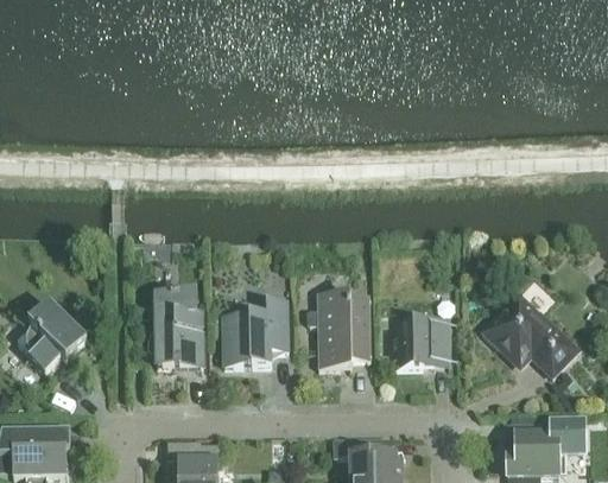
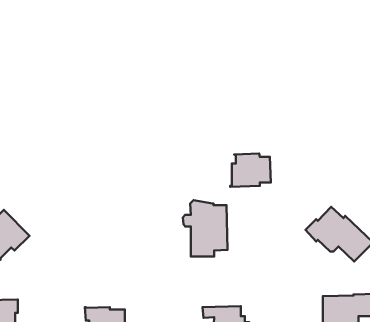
building: [150,293,203,366] -> none
building: [222,299,289,366] -> none
building: [391,319,449,367] -> [230,154,271,187]

